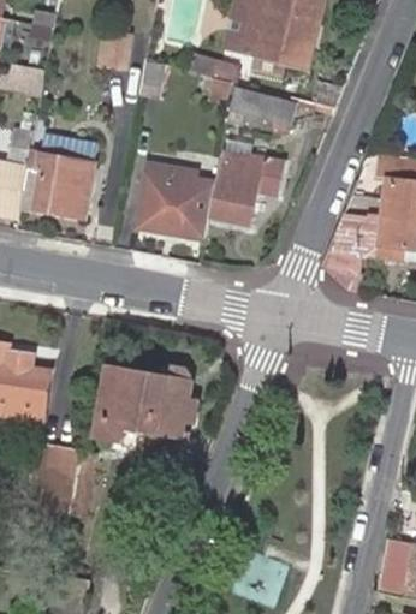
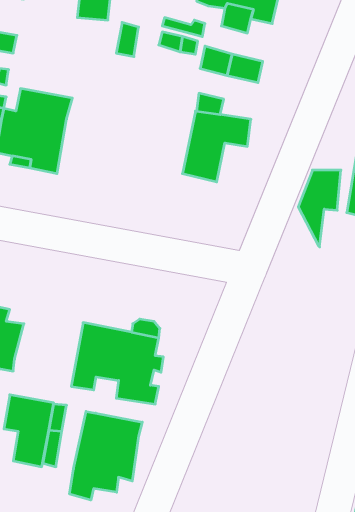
building: [137,161,212,239] -> none
building: none -> [70,411,142,500]

